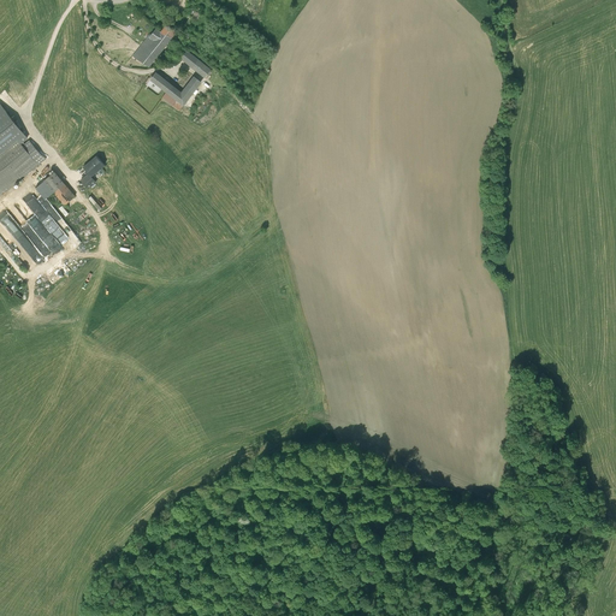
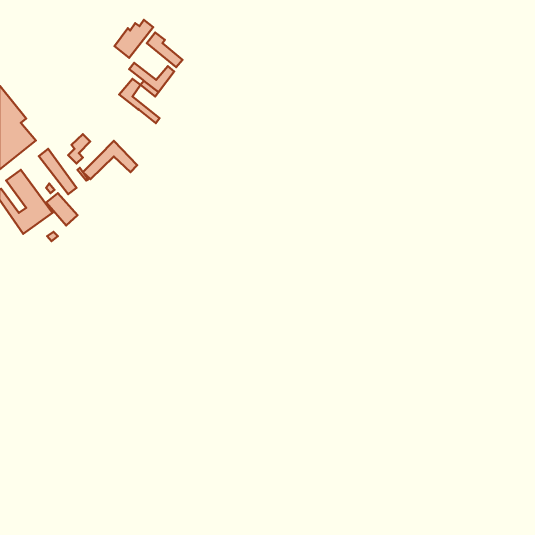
building: none -> [119,79,160,123]
building: none -> [83,141,137,179]

